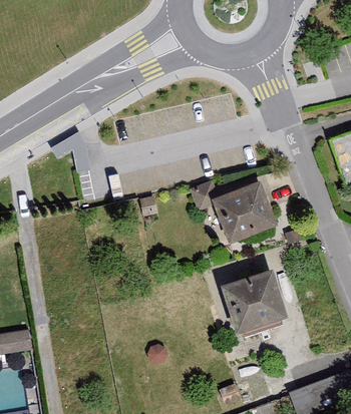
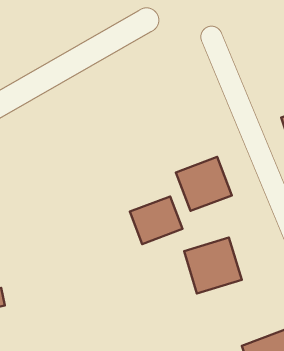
building: none -> [130,196,182,244]

